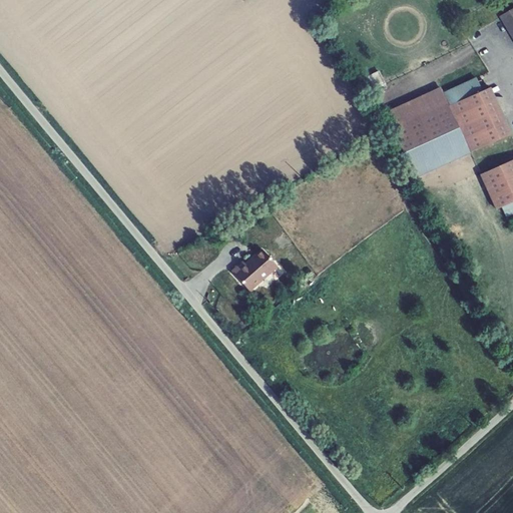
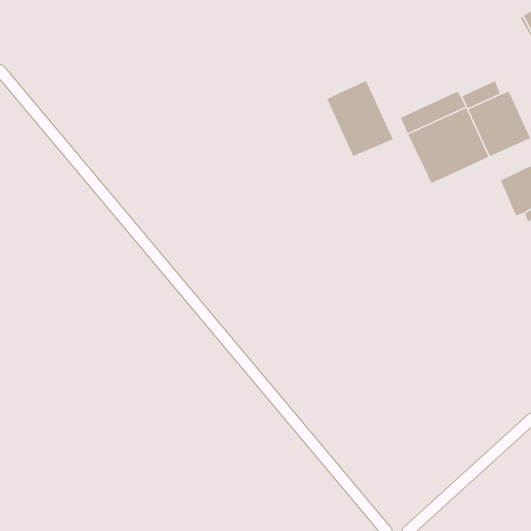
building: none -> [326,80,394,157]
building: [232,248,279,291] -> none

